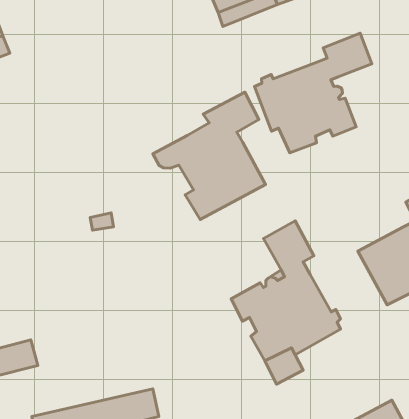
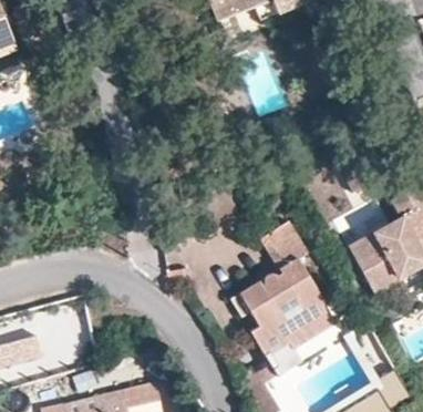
building: [255,33,372,153] -> none
building: [153,92,266,220] -> none

